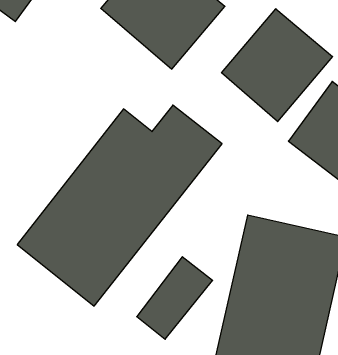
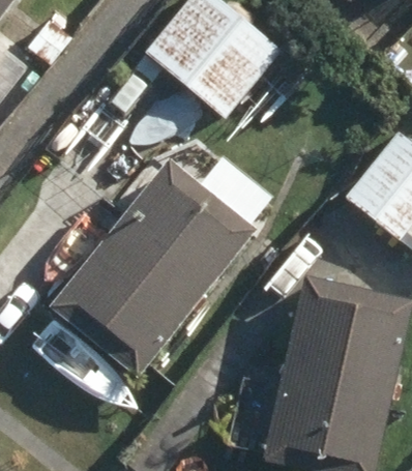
building: [222,9,333,122] -> none

